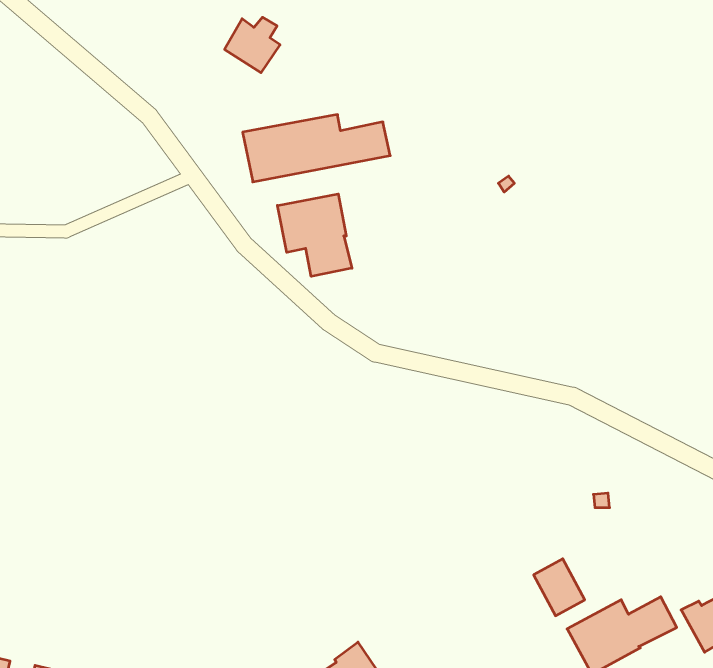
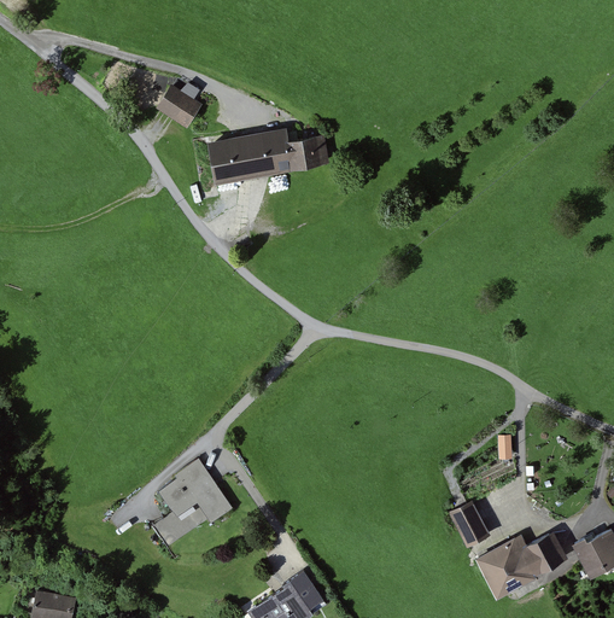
building: [225,17,280,73] -> [156,84,201,130]
building: [277,194,352,276] -> none
building: none -> [153,455,232,547]

